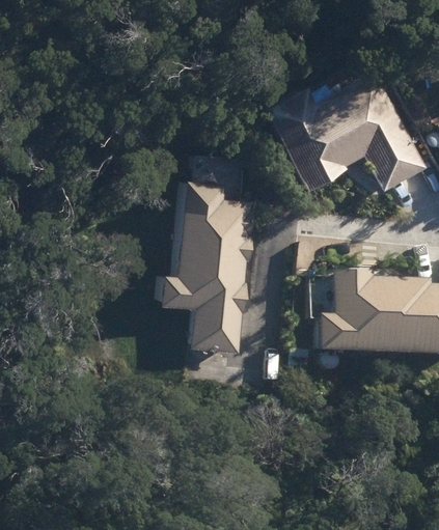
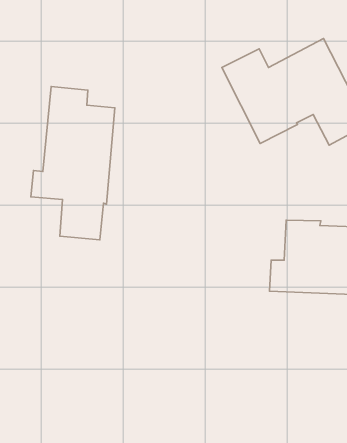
building: [159,178,252,348] -> [31,86,115,240]

